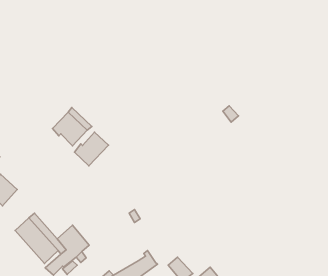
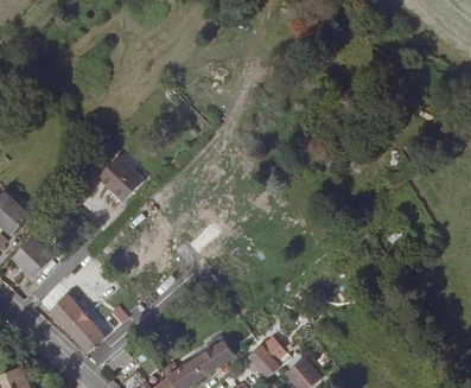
building: [74,132,108,166] -> none

